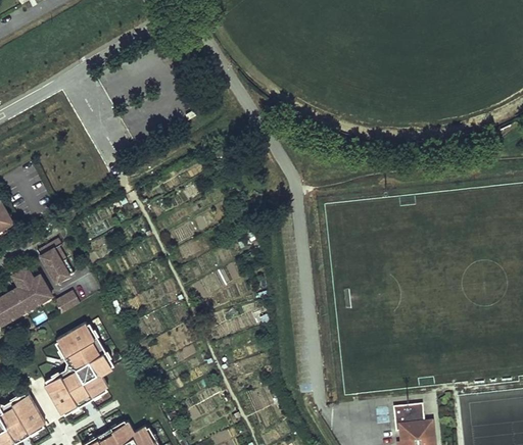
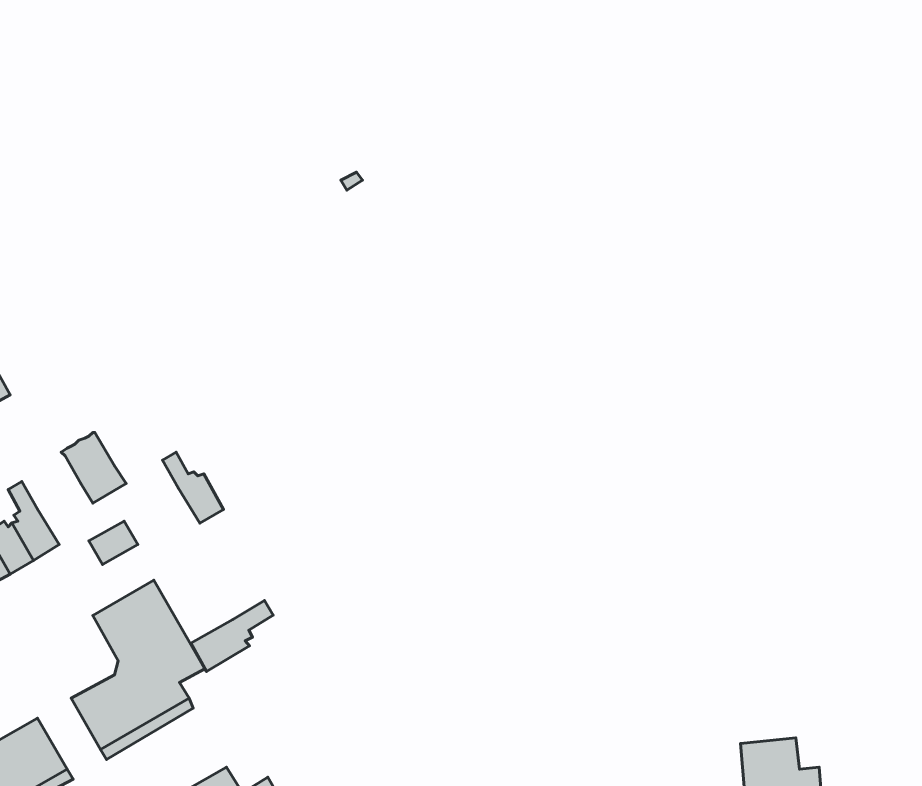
building: [19,267,51,304] -> [162,452,223,523]
building: none -> [191,601,273,671]

